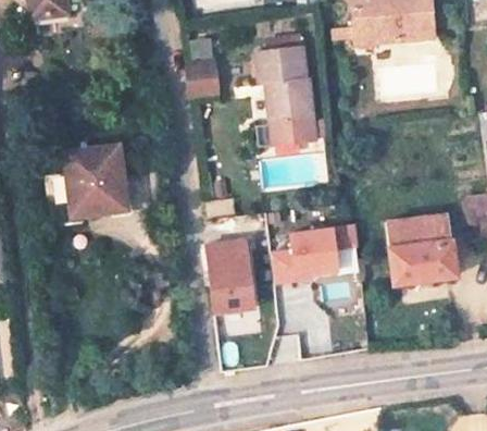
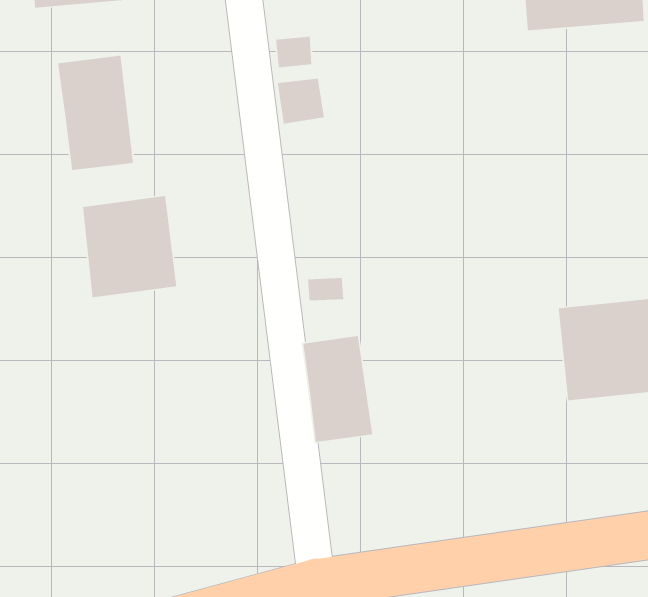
building: [252,44,314,143] -> none
building: none -> [57,55,134,171]
building: [271,229,358,285] -> none

